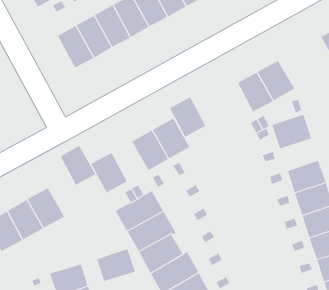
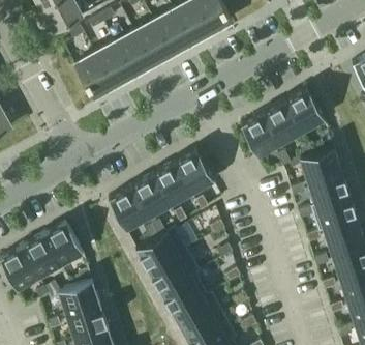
building: [169,96,206,137] -> [242,114,281,157]
building: none -> [309,173,351,207]
building: [60,145,96,185] -> [132,176,171,219]
building: [97,248,136,282] -> [59,281,100,316]

